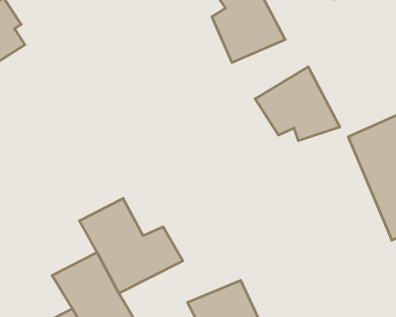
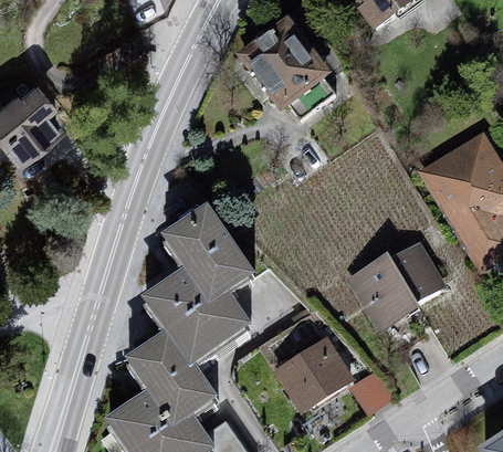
building: [255,67,340,141] -> none
building: none -> [165,203,262,306]
building: none -> [343,241,441,332]

